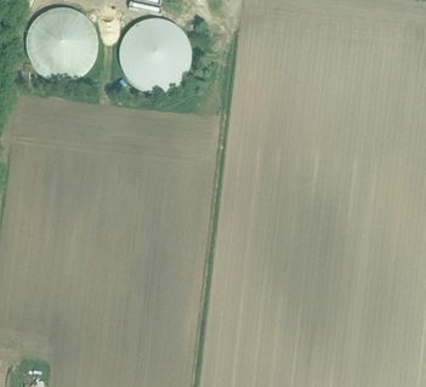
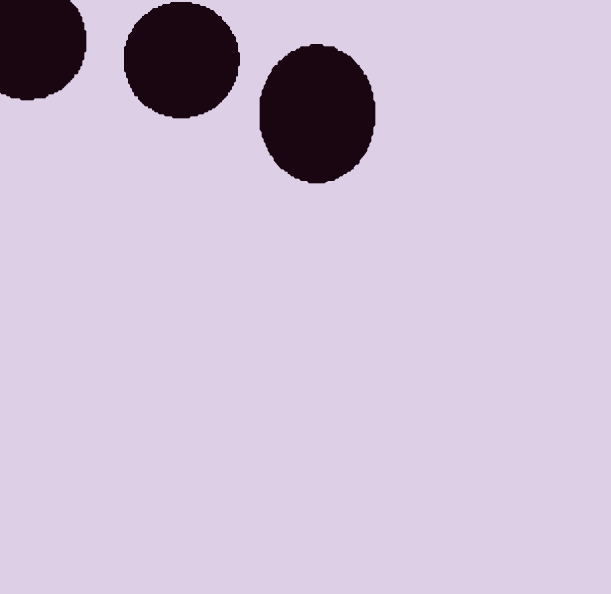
building: none -> [259,43,376,184]

